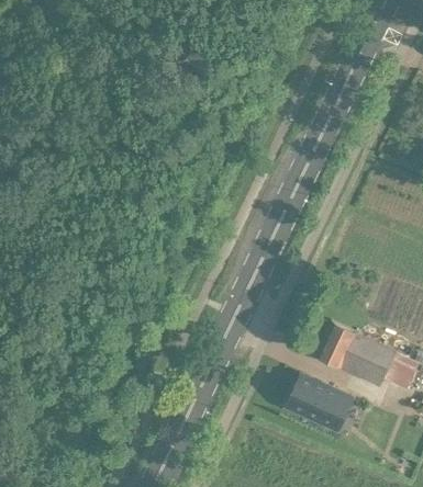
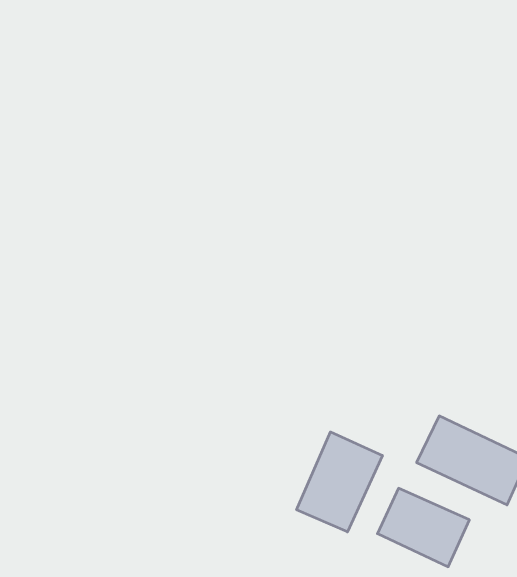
building: none -> [297,432,382,532]

